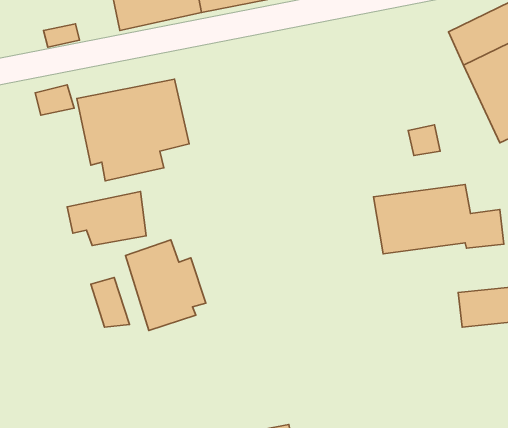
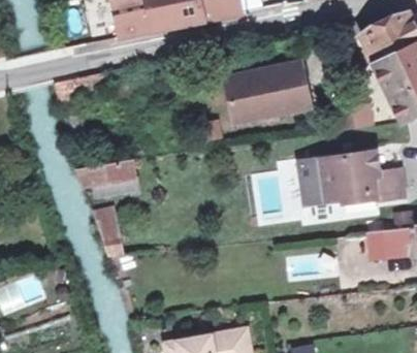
building: none -> [227,63,311,119]
building: [77,79,189,181] -> none
building: [125,240,206,330] -> none

